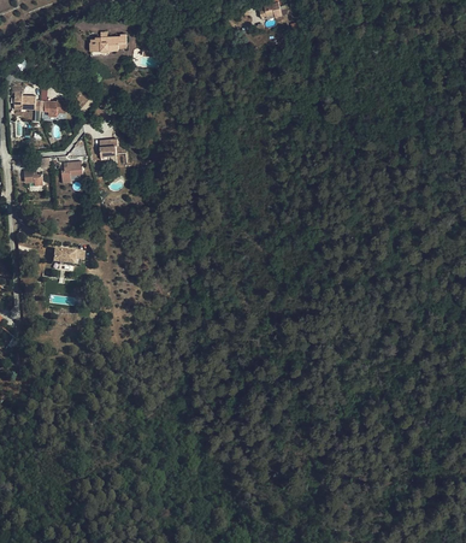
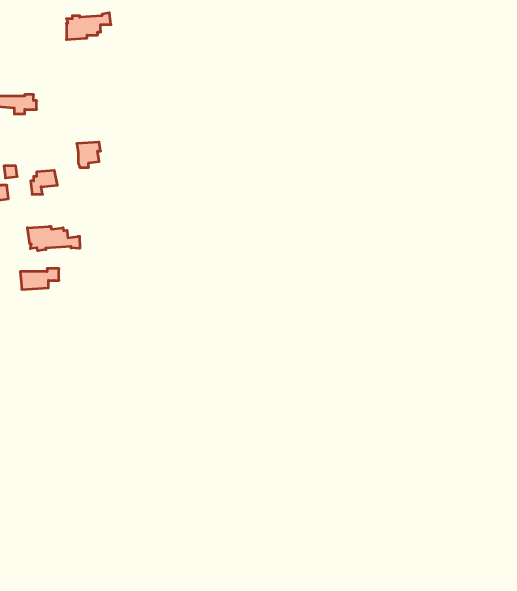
building: none -> [27,226,80,251]

